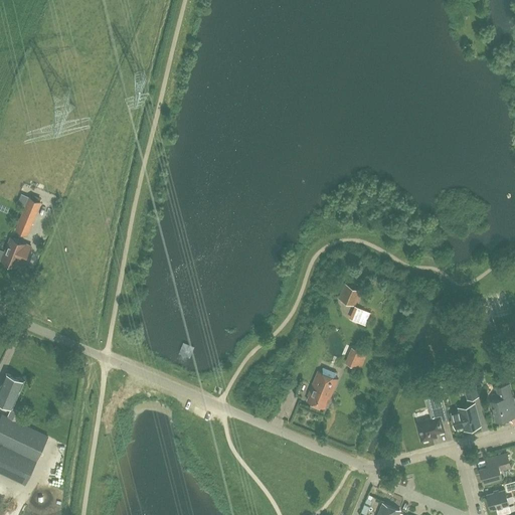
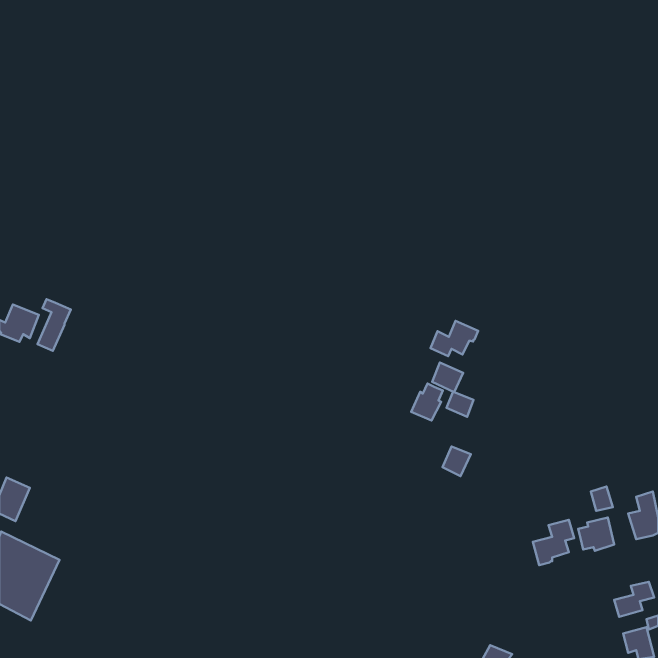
building: [14,195,40,235] -> [37,299,71,351]
building: none -> [430,321,478,356]
building: none -> [411,384,443,420]
building: [306,368,337,408] -> none

